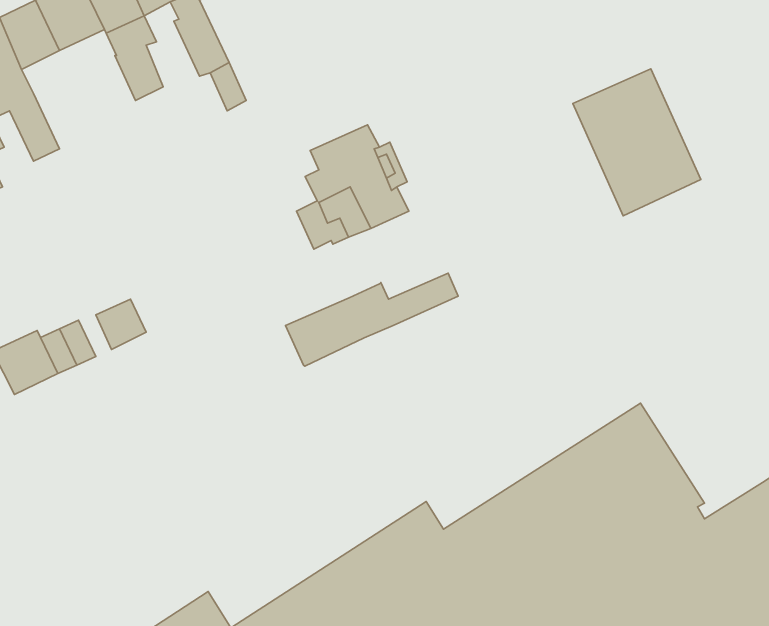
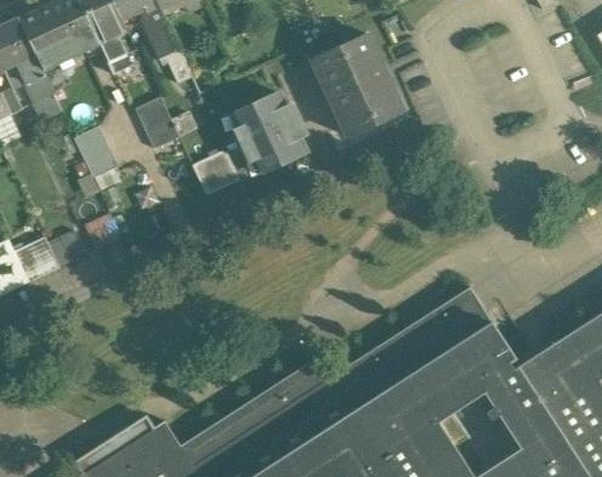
building: none -> [34,27,101,72]
building: [573,69,701,216] -> [313,35,403,138]
building: none -> [137,98,180,149]
building: none -> [74,127,118,178]
building: none -> [192,151,239,197]
building: [285,273,458,366] -> none

